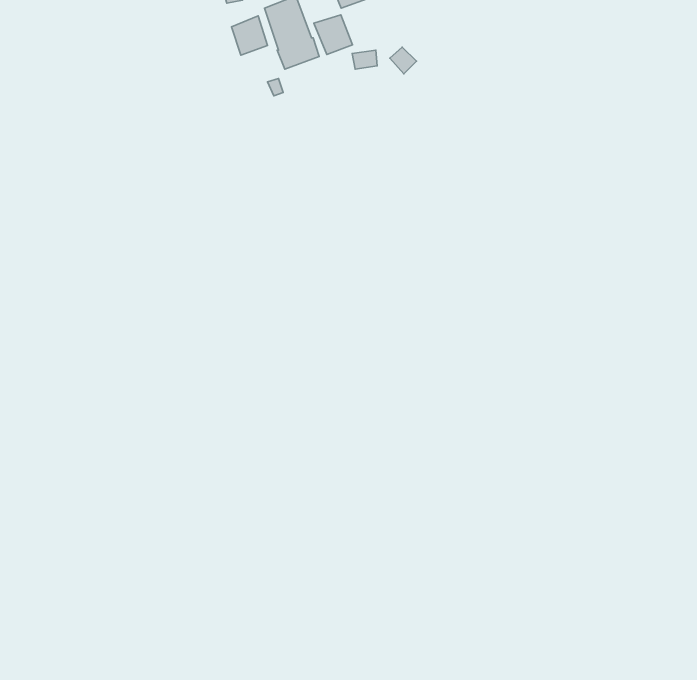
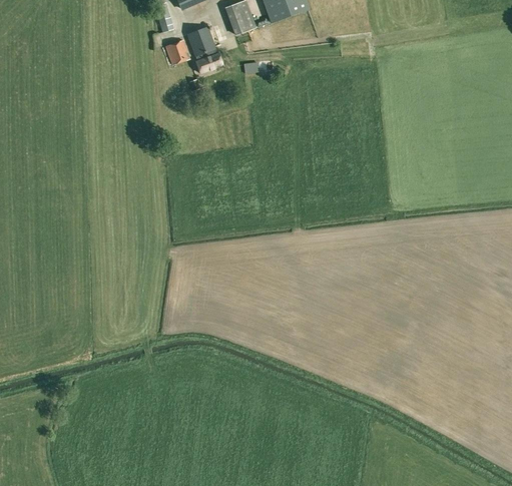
building: [314,15,353,54] -> none

